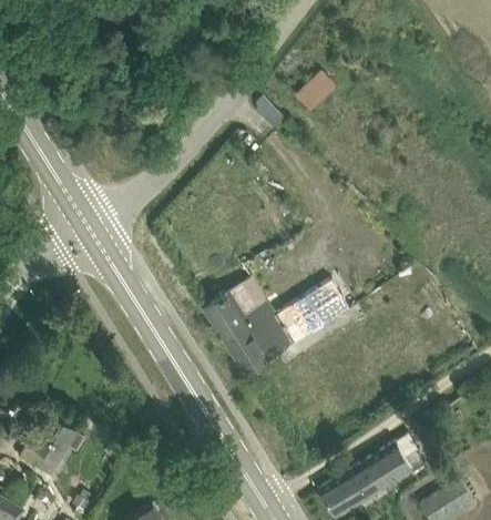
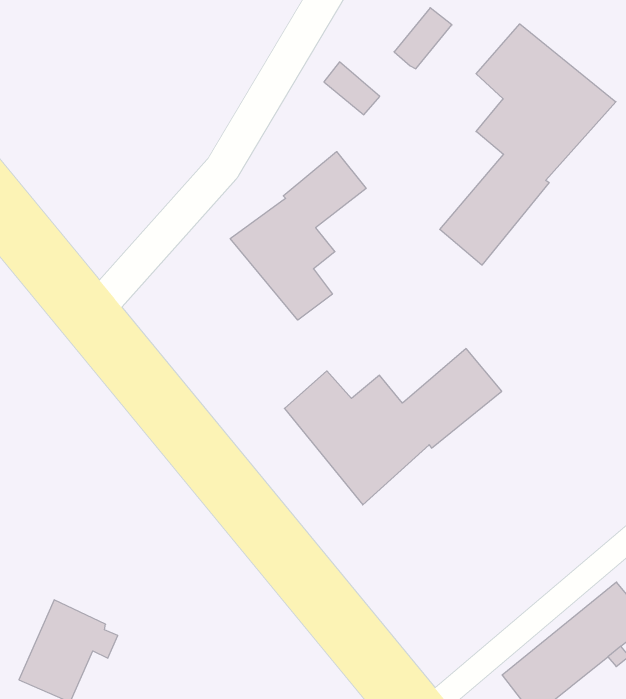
building: none -> [440,24,616,265]
building: none -> [230,152,366,320]

